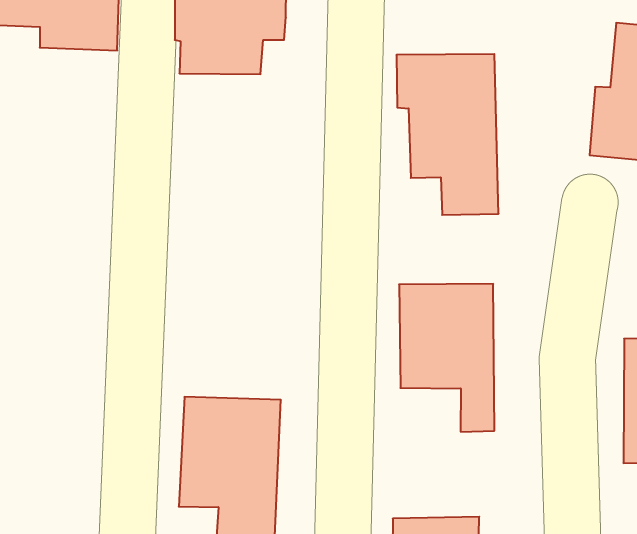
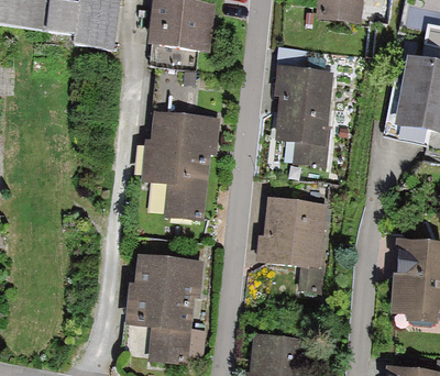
building: none -> [143,110,220,219]

